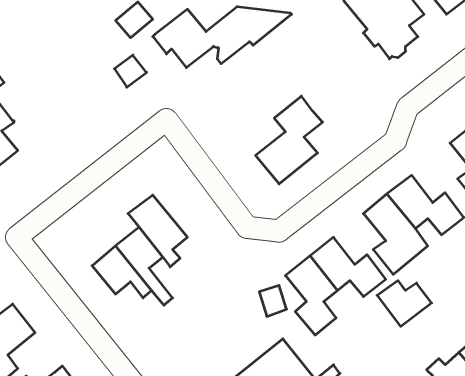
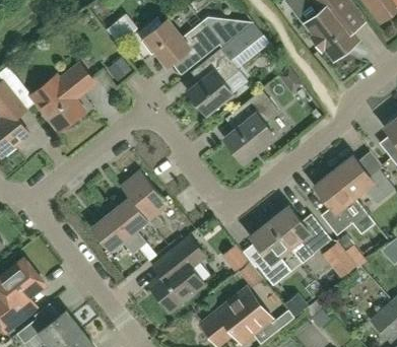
building: none -> [188,23,263,116]
building: none -> [30,65,94,133]
building: none -> [149,237,205,311]

